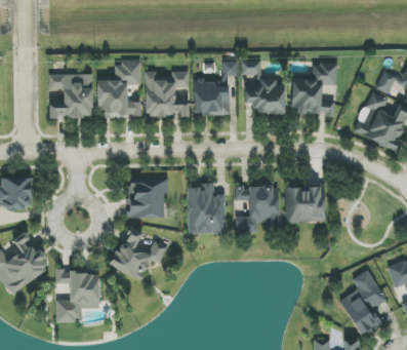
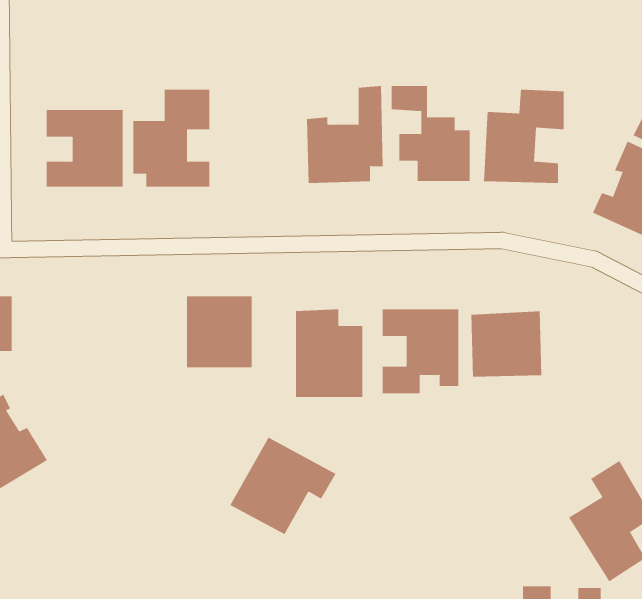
building: [145,71,189,116] -> none
building: [109,227,168,281] -> [229,437,336,535]
building: [56,272,99,322] -> none

